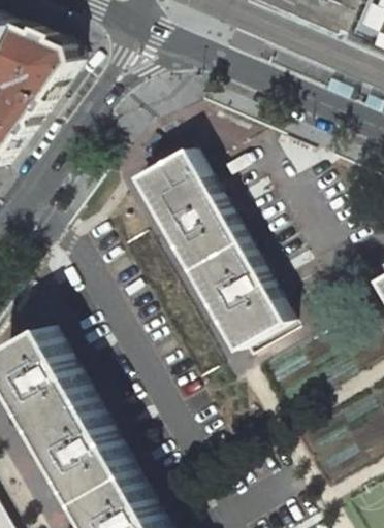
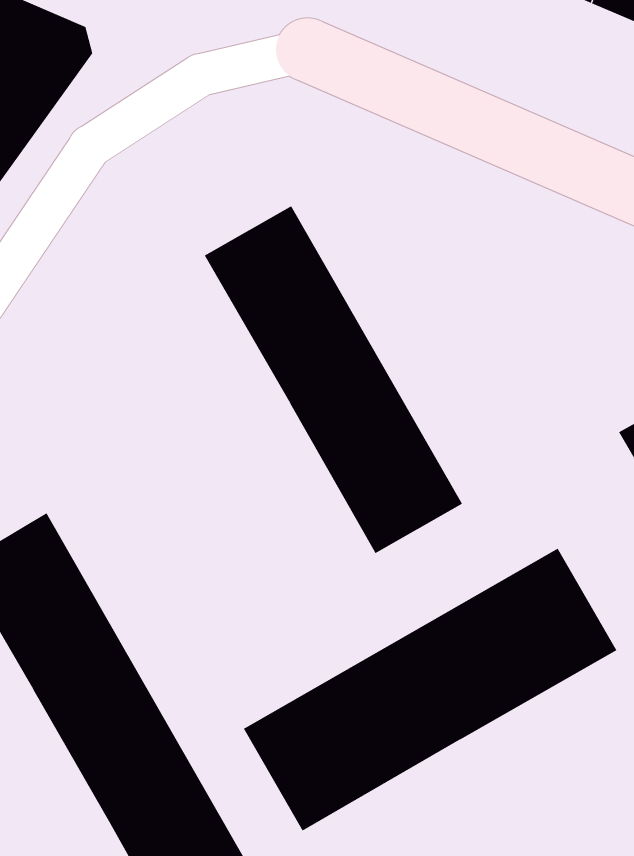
building: none -> [243,548,617,832]

